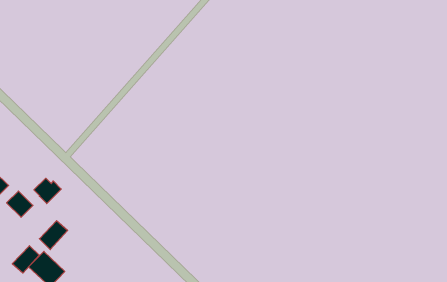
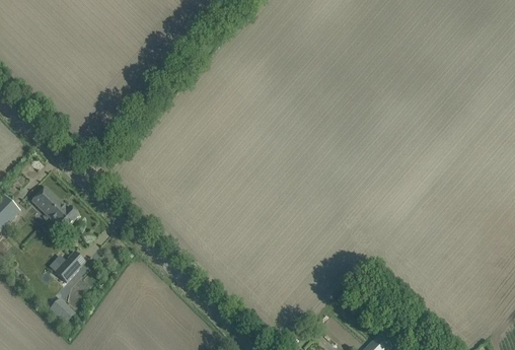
building: [7,191,33,217] -> [31,186,61,215]
building: [12,246,39,273] -> none

